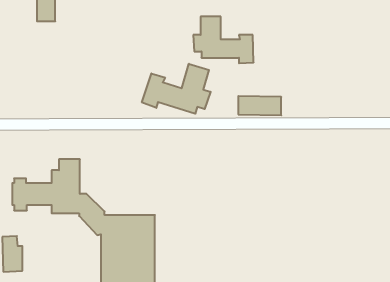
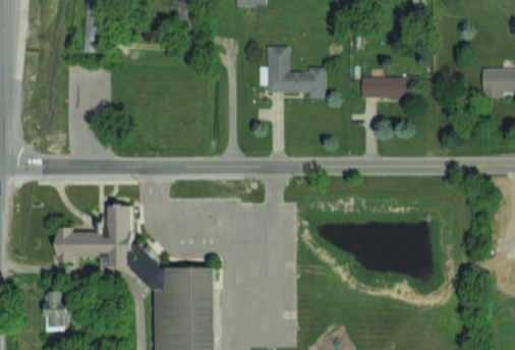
building: [142,64,211,114] -> none
building: [238,96,281,115] -> [360,77,408,99]

